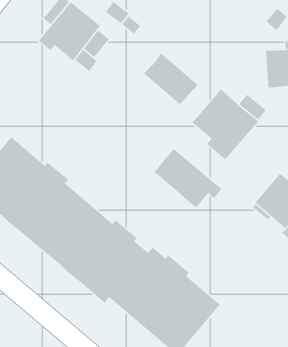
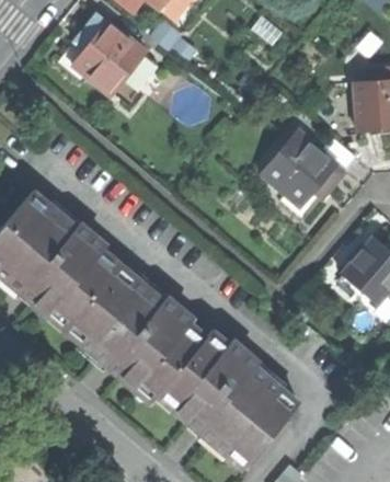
building: [143,53,199,105] -> none
building: [153,148,223,208] -> none

